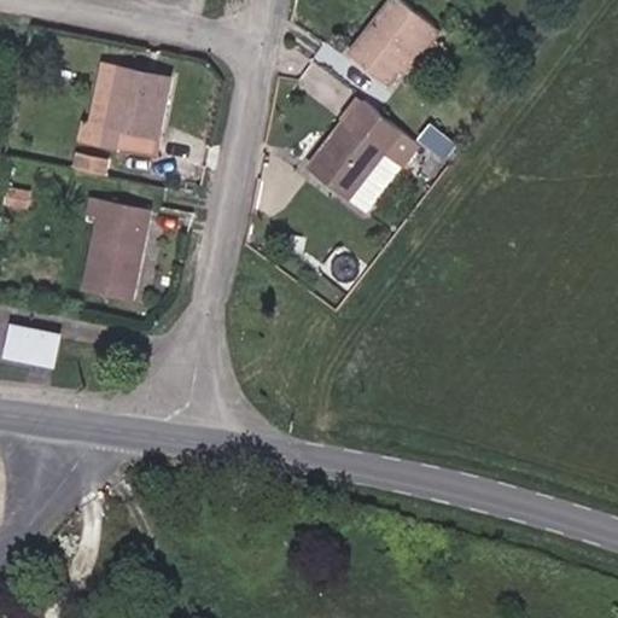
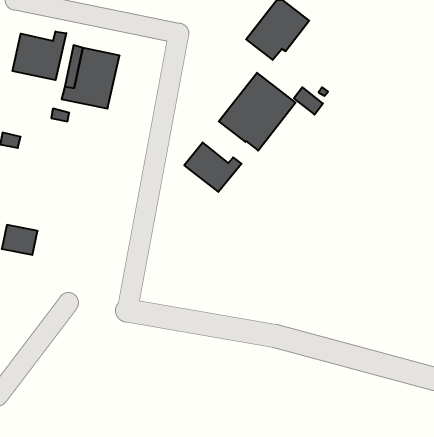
building: none -> [12,31,66,80]
building: [83,198,148,298] -> none
building: none -> [184,142,242,192]

